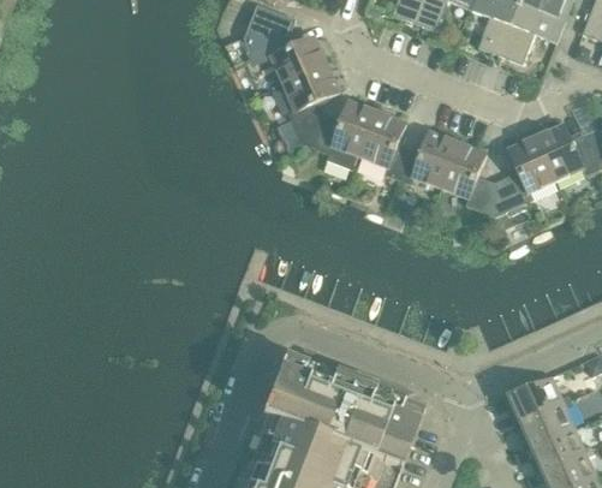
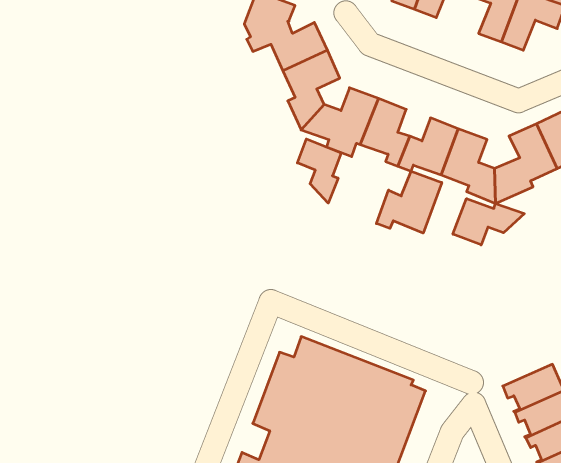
building: none -> [297,139,341,203]
building: none -> [376,171,442,233]
building: none -> [453,199,524,245]

